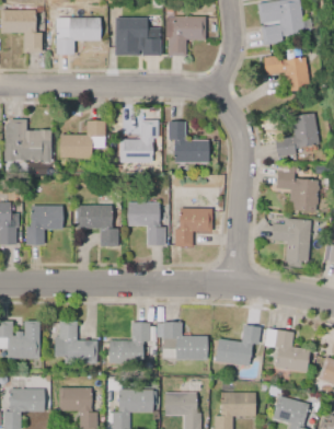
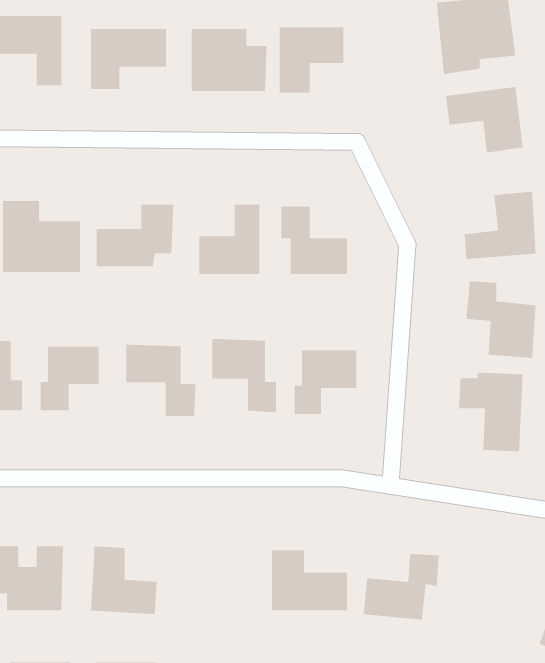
building: [108,322,150,364] -> none
building: [266,328,310,371] -> none

